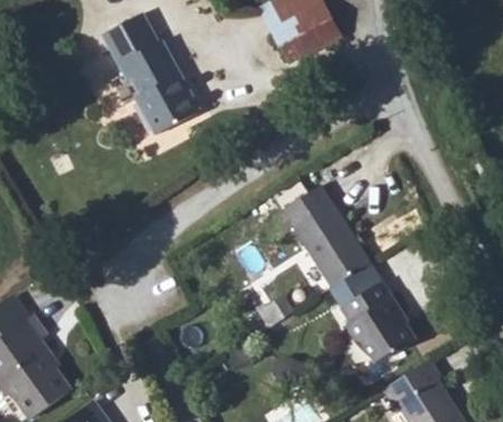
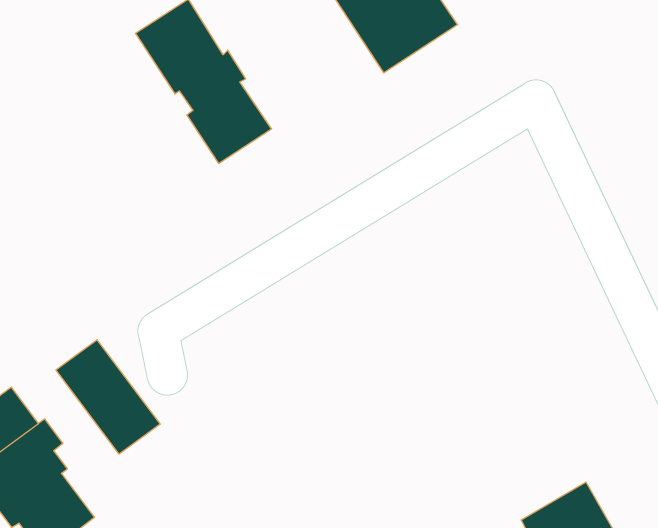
building: [281,192,371,293] -> none
building: none -> [56,340,160,454]
building: [338,280,415,362] -> none

